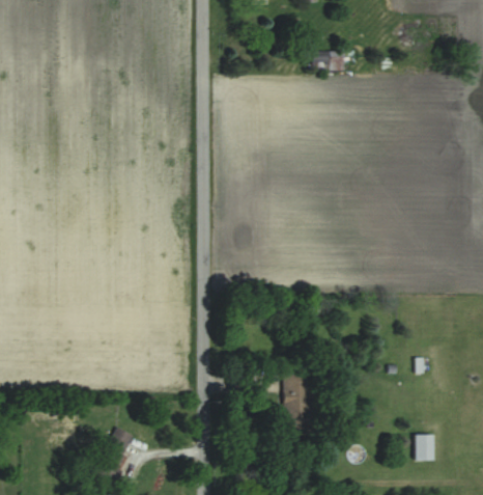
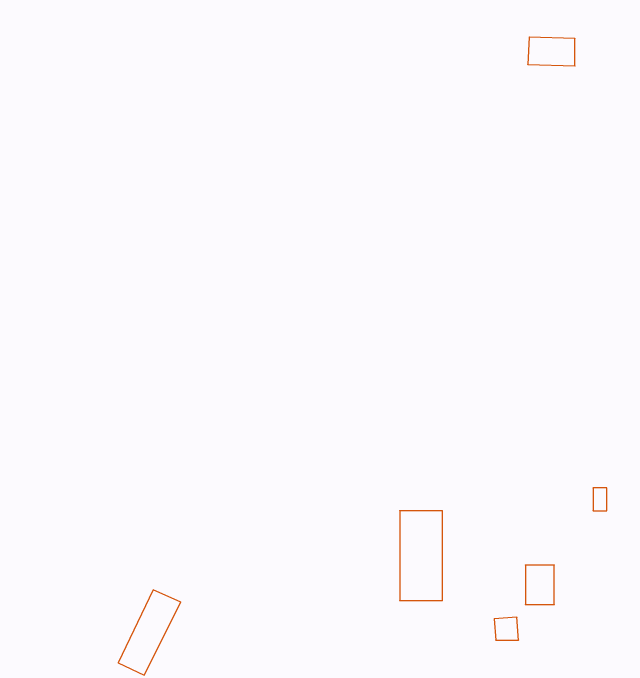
building: [313,50,345,70] -> [528,37,575,66]
building: [415,434,434,461] -> [525,565,554,605]

